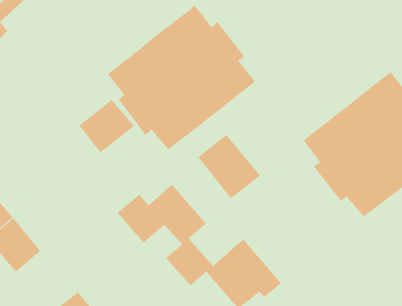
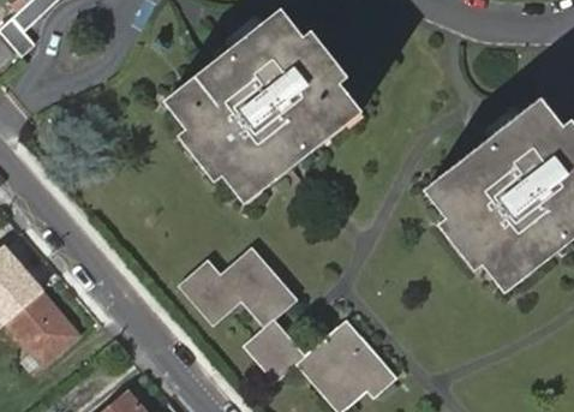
building: [79,99,135,153] -> none
building: [197,134,261,199] -> none

